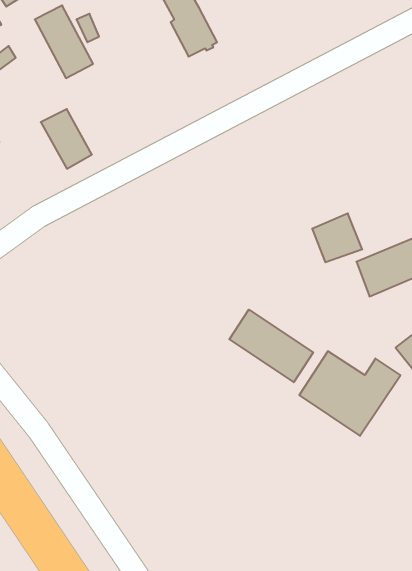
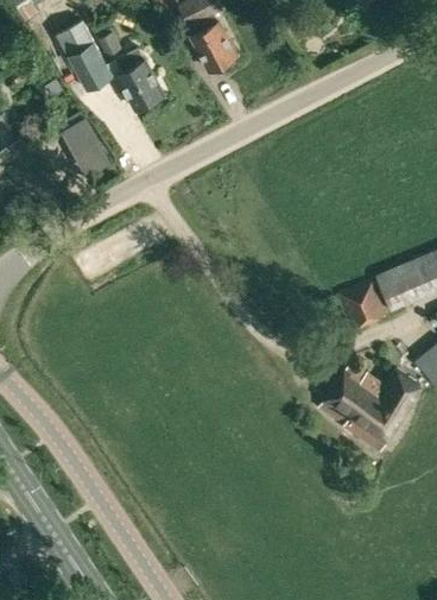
building: none -> [118,50,164,110]
building: [312,213,362,262] -> [337,279,387,328]
building: [229,310,313,382] -> none

